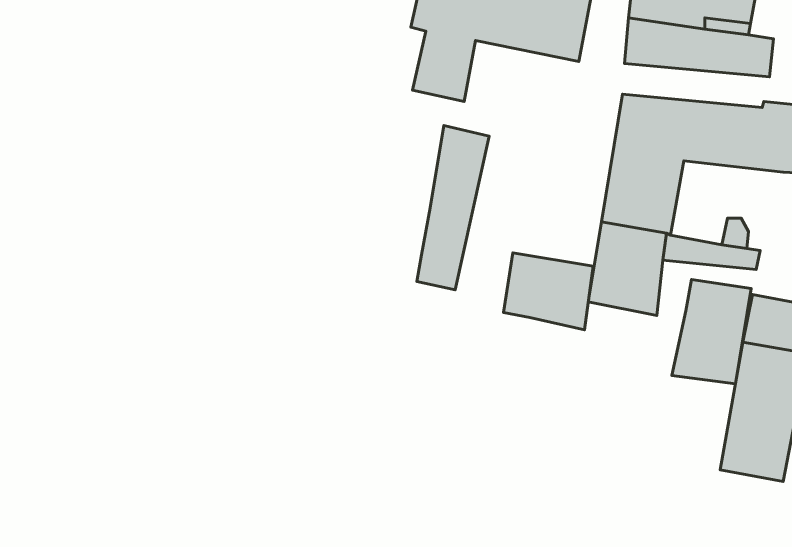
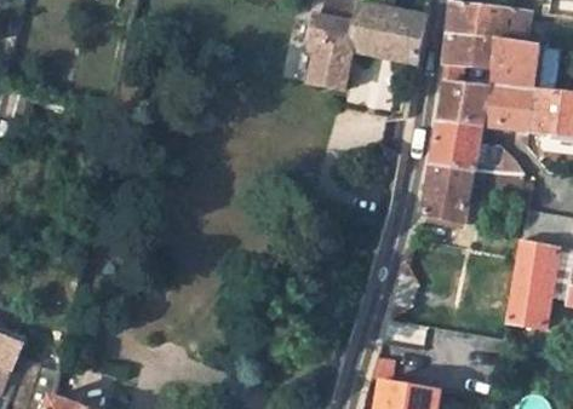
building: [417,125,489,290] -> none
building: [503,253,593,330] -> none
building: [672,279,751,384] -> none

